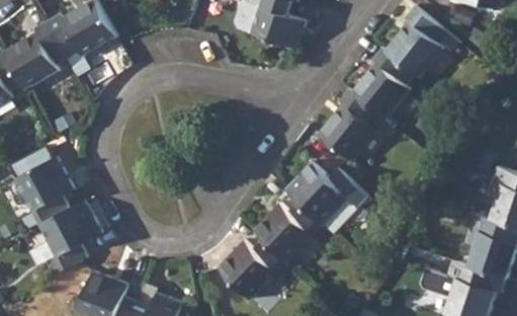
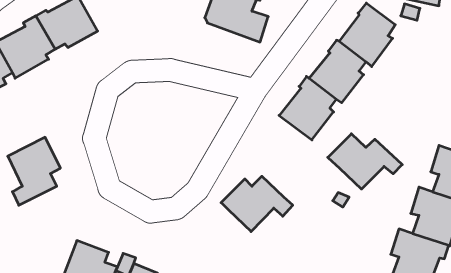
building: [285,161,368,223] -> [328,134,402,189]
building: [39,203,102,279] -> none
building: [217,237,296,299] -> none

